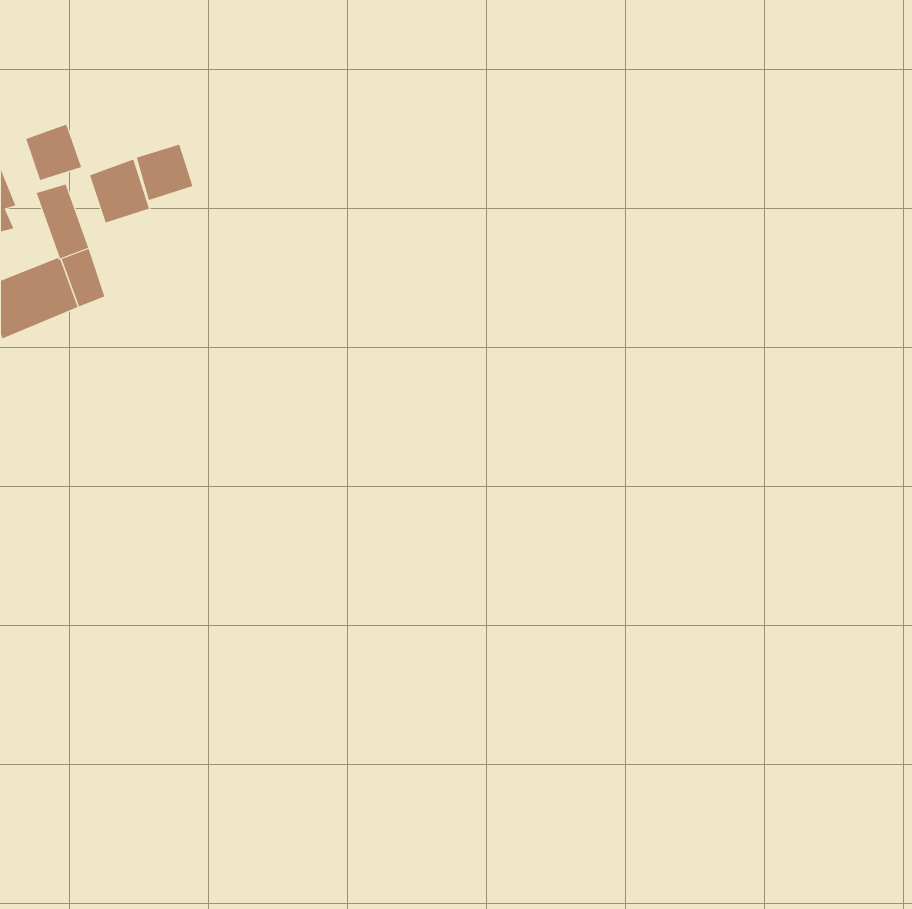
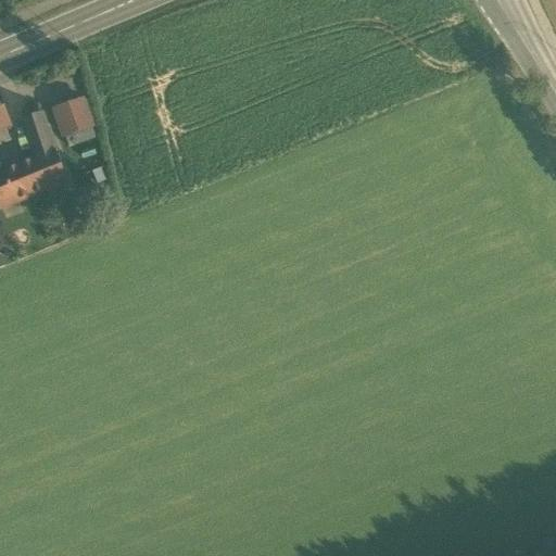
building: [26,124,82,181] -> none
building: [136,144,193,201] -> none

